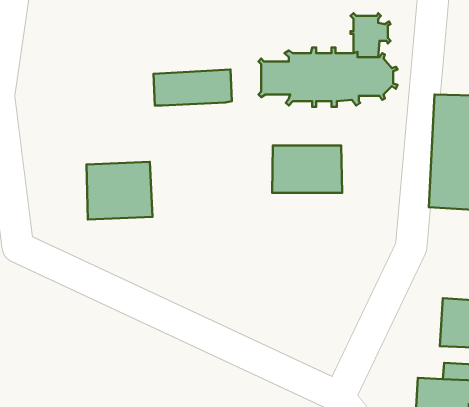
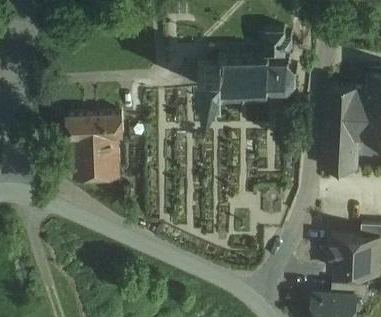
building: [154,70,232,105] -> [66,114,123,140]
building: [272,145,342,193] -> none

